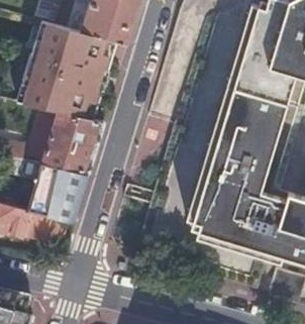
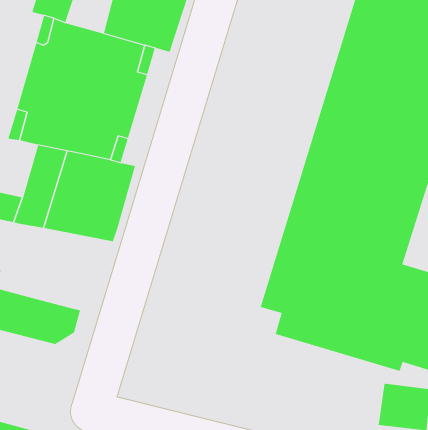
building: [26,166,87,222] -> none

